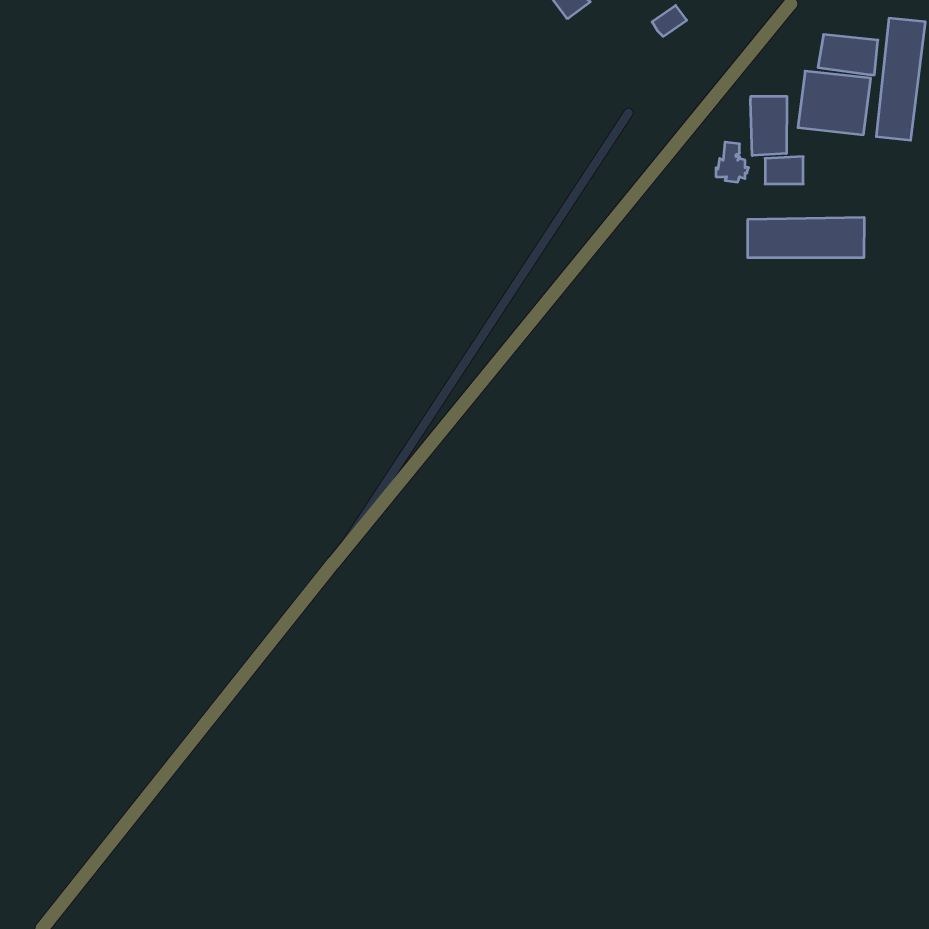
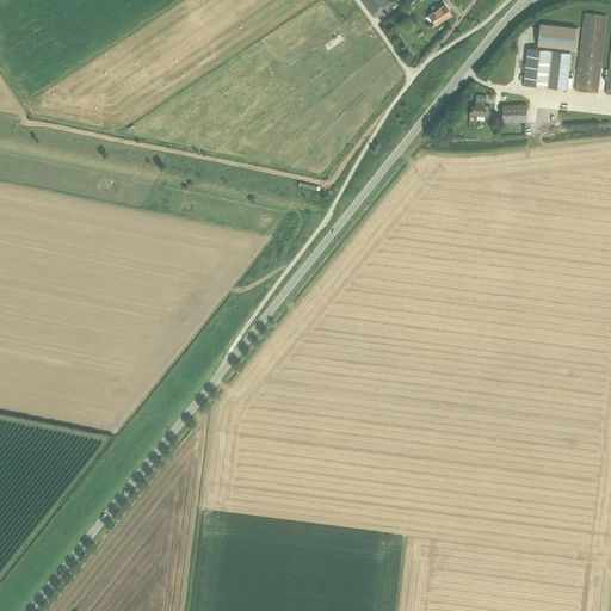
building: [751,96,787,156] -> none
building: [748,217,864,258] -> none

